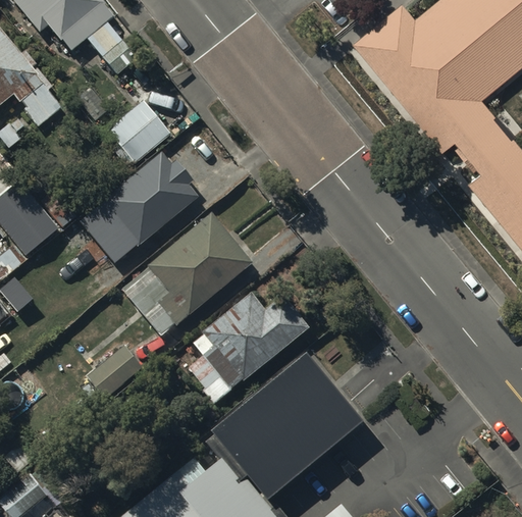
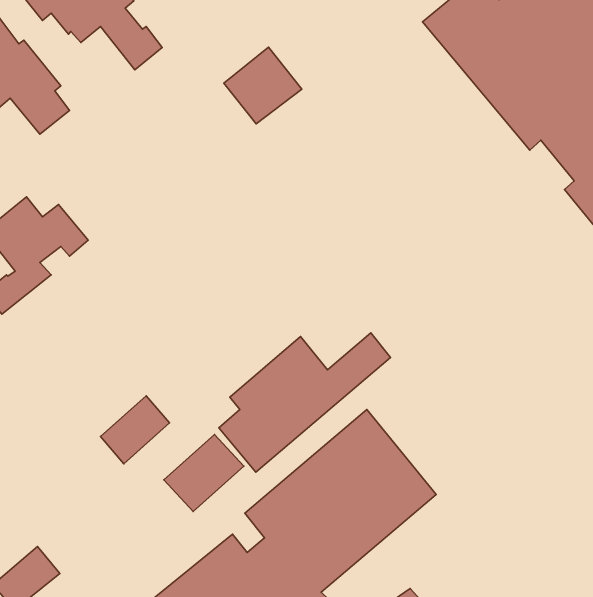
building: [106,99,170,162] -> [224,47,302,124]
building: [55,151,197,278] -> none
building: [124,213,252,334] -> none
building: none -> [164,434,244,512]

